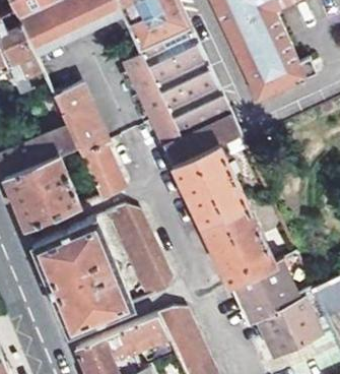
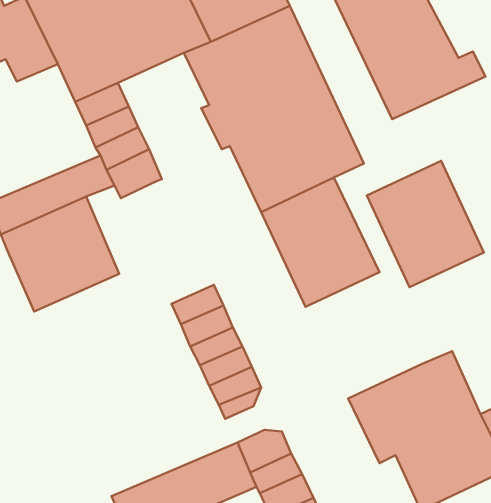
building: [81,144,121,196] -> none
building: [200,203,275,285] -> [367,161,484,287]
building: [31,216,133,332] -> none

